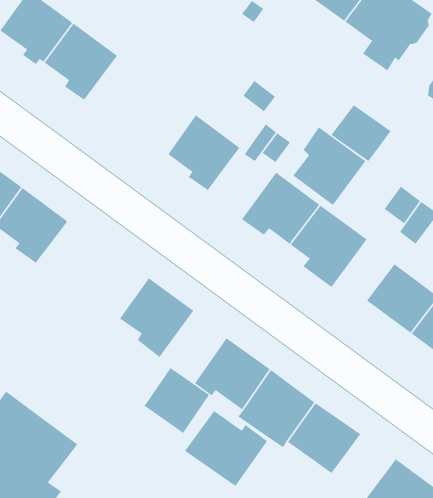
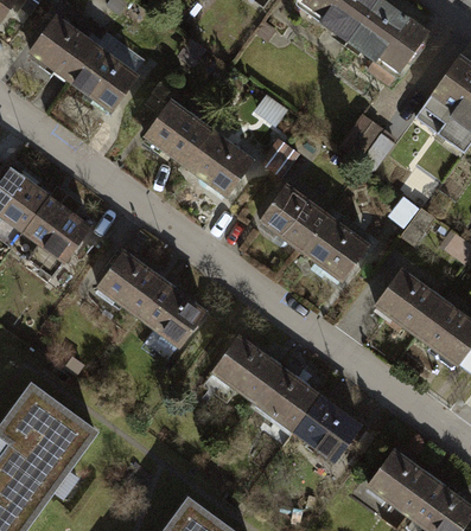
building: none -> [141,100,210,165]
building: [293,127,366,206] -> none
building: none -> [93,249,166,318]
building: [144,367,210,434] -> none
building: [184,410,268,487] -> none

